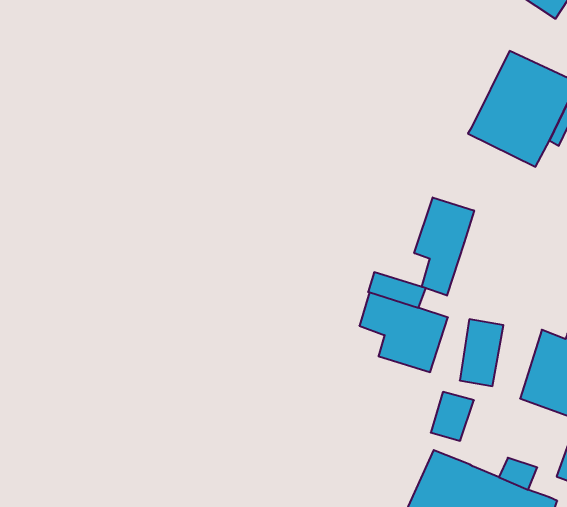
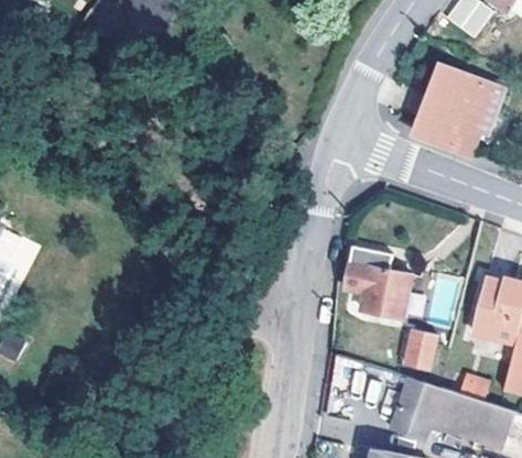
building: [414,197,474,296] -> none

